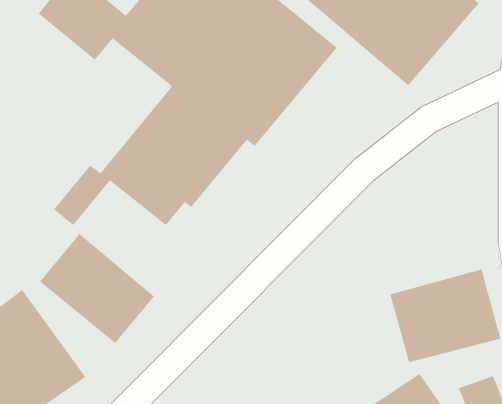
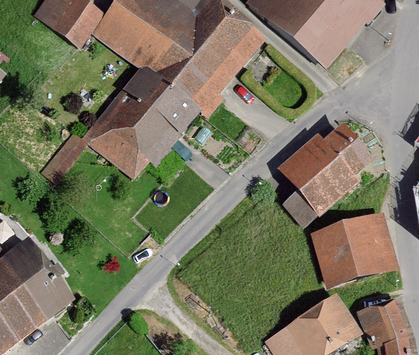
building: none -> [277,121,374,227]
building: [39,233,155,344] -> none

